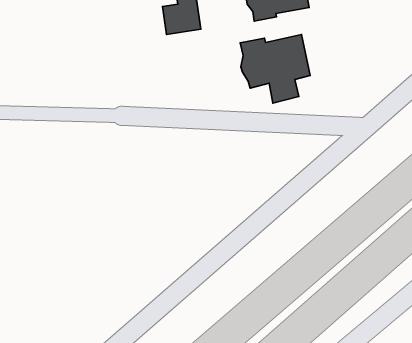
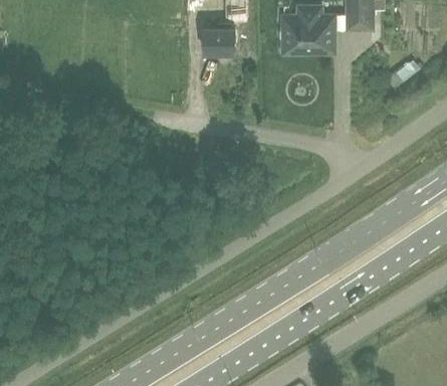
building: [240,34,310,103] -> none

